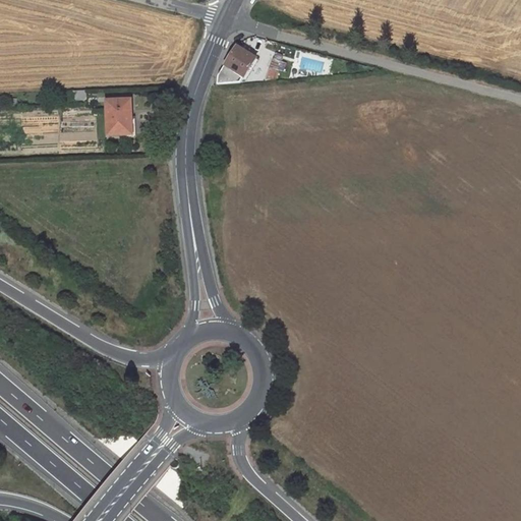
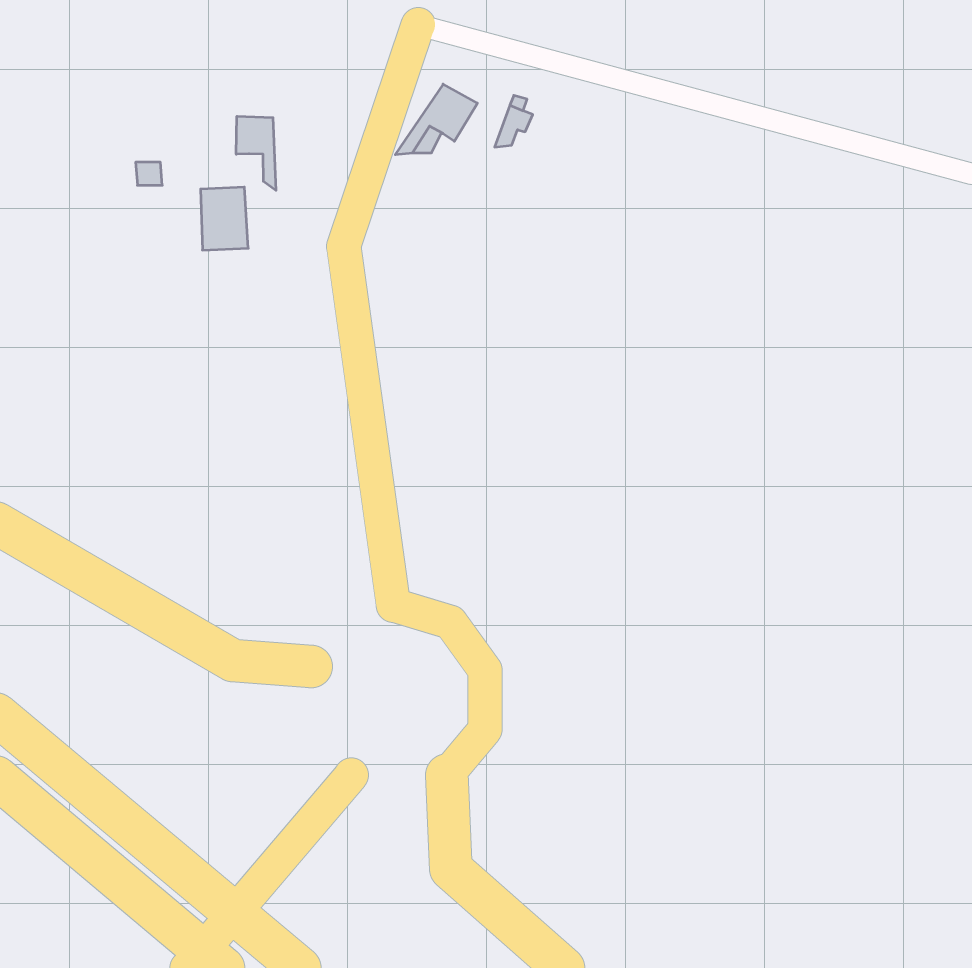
building: none -> [236,116,276,190]

